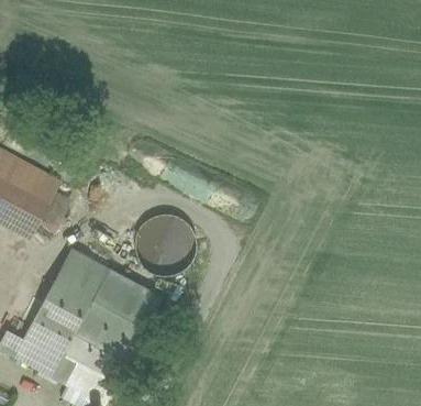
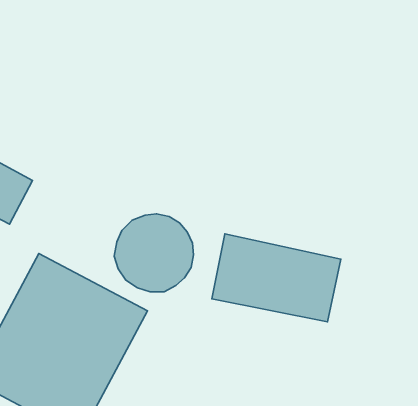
building: none -> [212,234,341,322]

